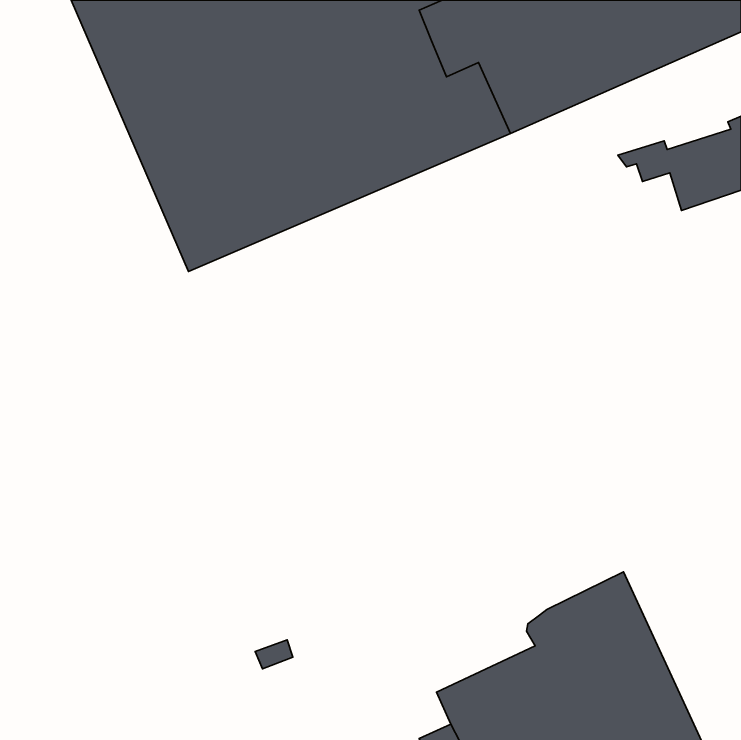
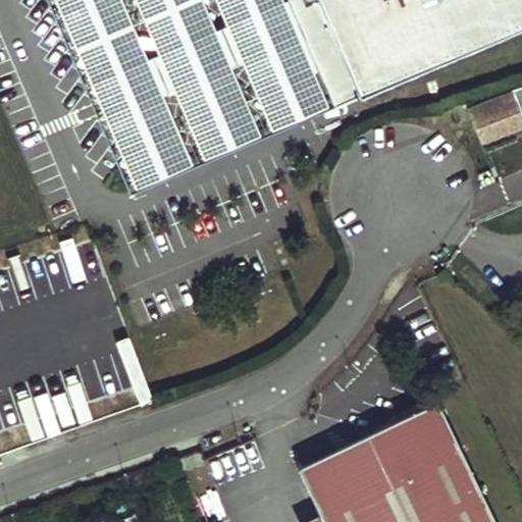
building: none -> [298,429,384,487]

